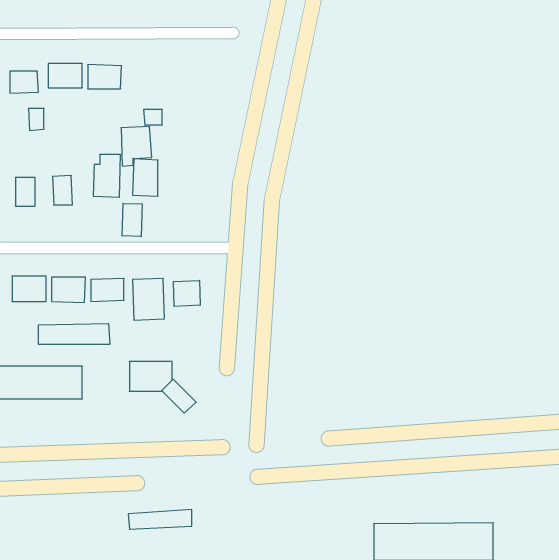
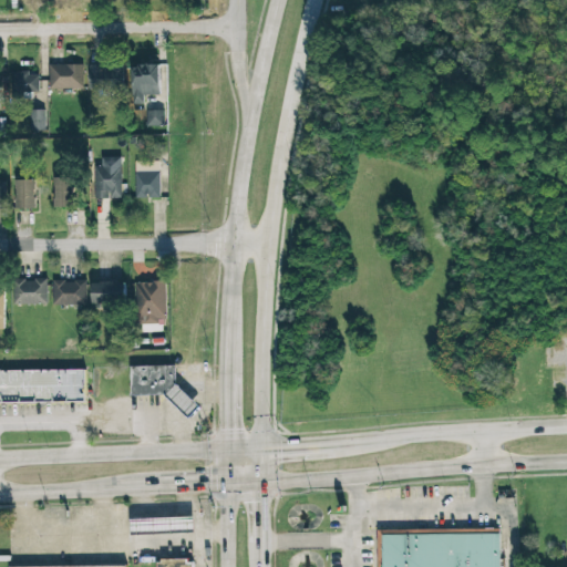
building: [121,127,152,166] -> [131,64,162,104]
building: [122,203,142,237] -> none
building: [173,280,200,306] -> none
building: [39,324,110,344] -> none

